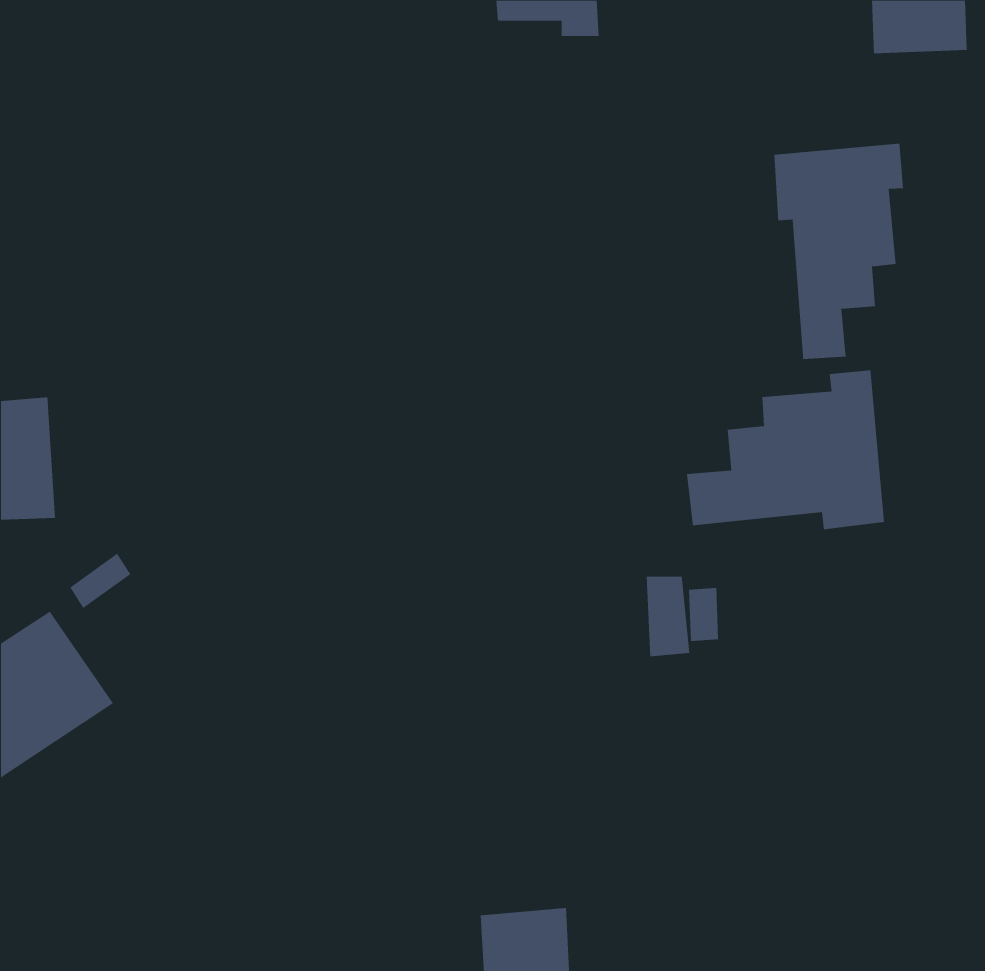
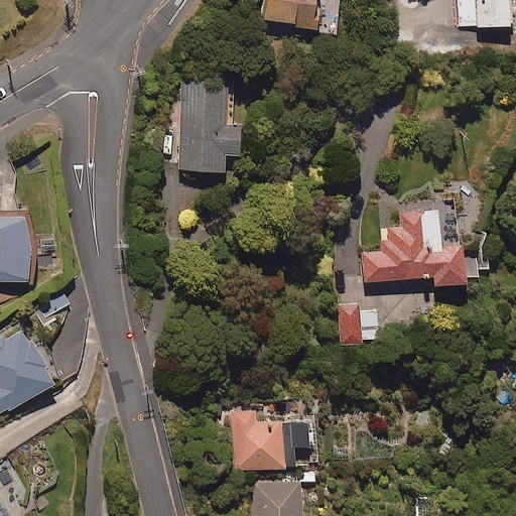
building: [774,143,904,360] -> none
building: none -> [175,83,236,169]
building: none -> [232,412,313,473]

